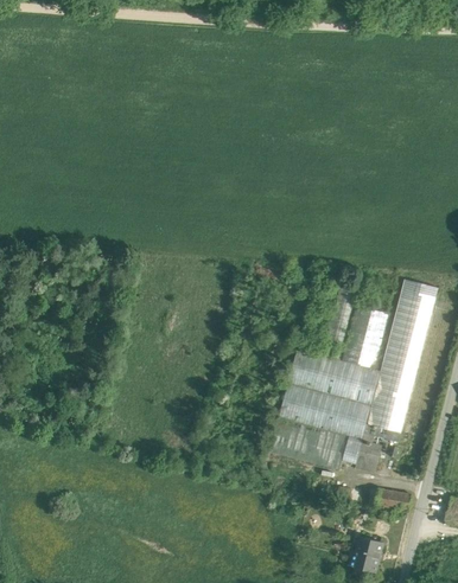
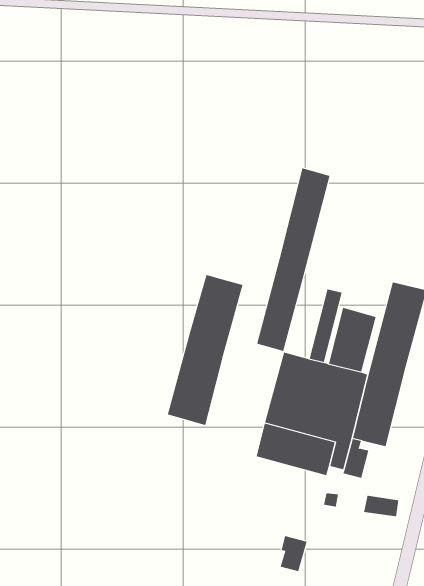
building: none -> [257,168,330,352]
building: none -> [167,274,243,426]
building: [355,536,382,571] -> [280,536,307,572]

